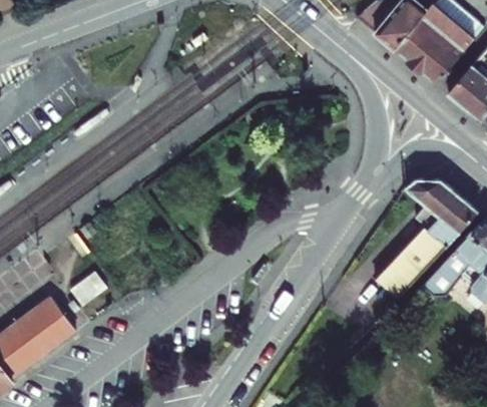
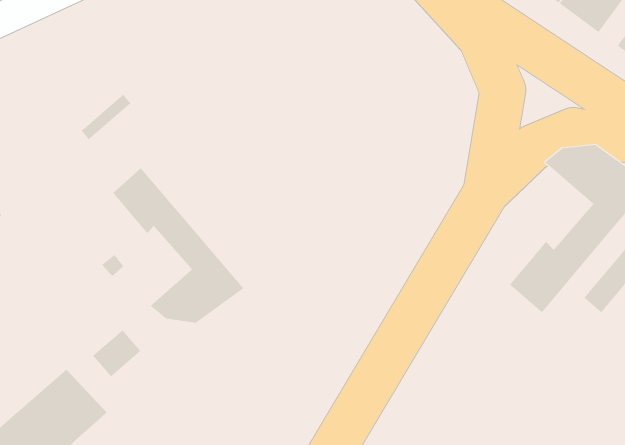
building: none -> [112,168,244,324]

